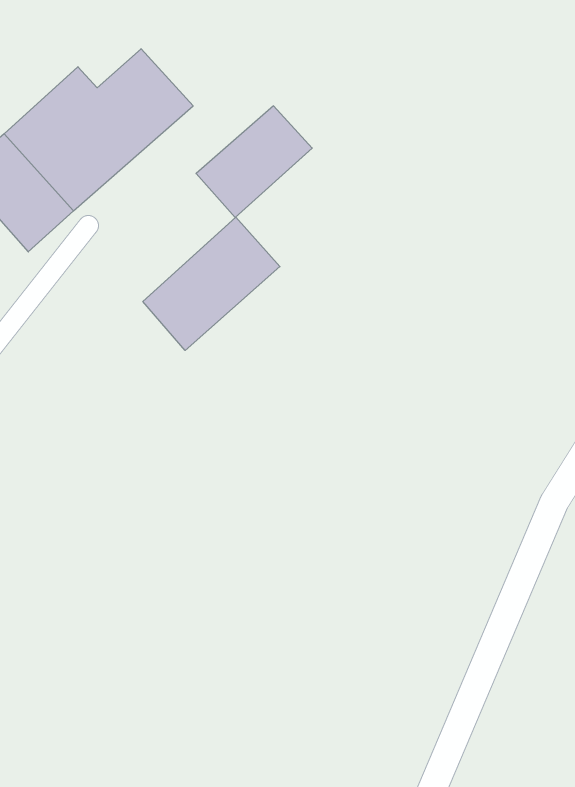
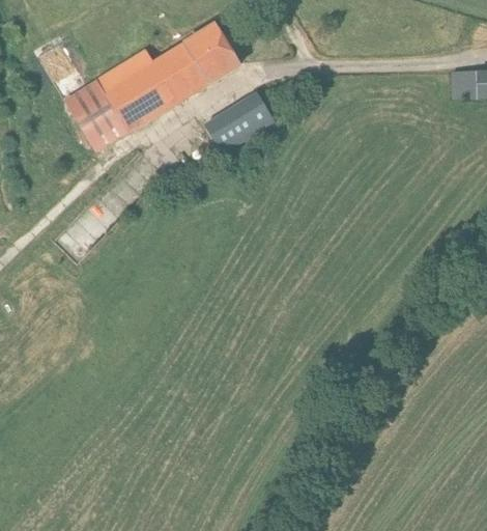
building: none -> [184,25,239,83]
building: [143,217,280,350] -> none

